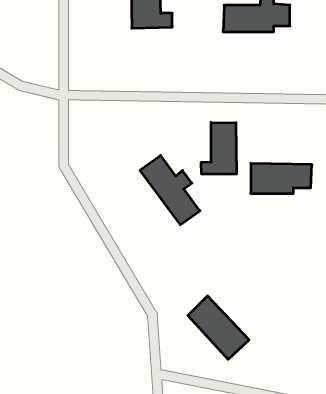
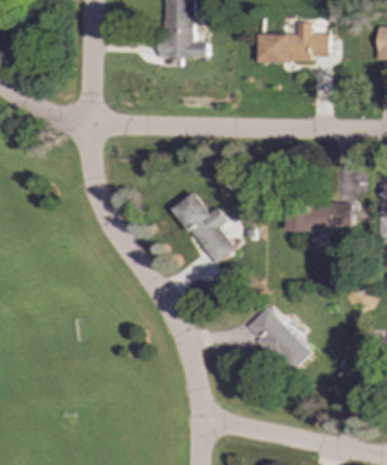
building: [201,122,236,174] -> none
building: [188,296,249,359] -> [246,306,311,373]

